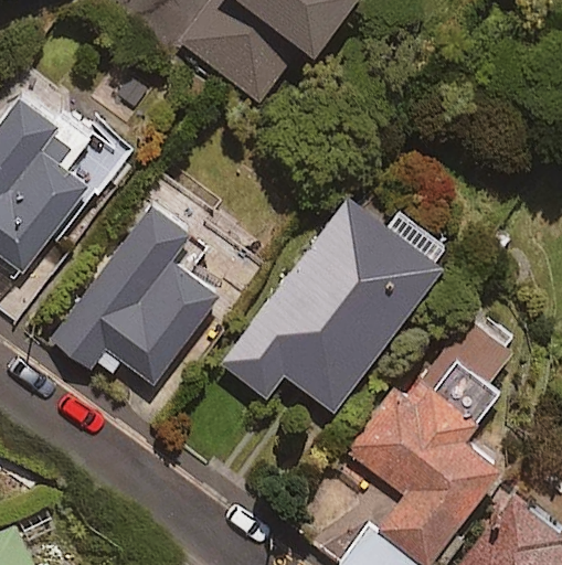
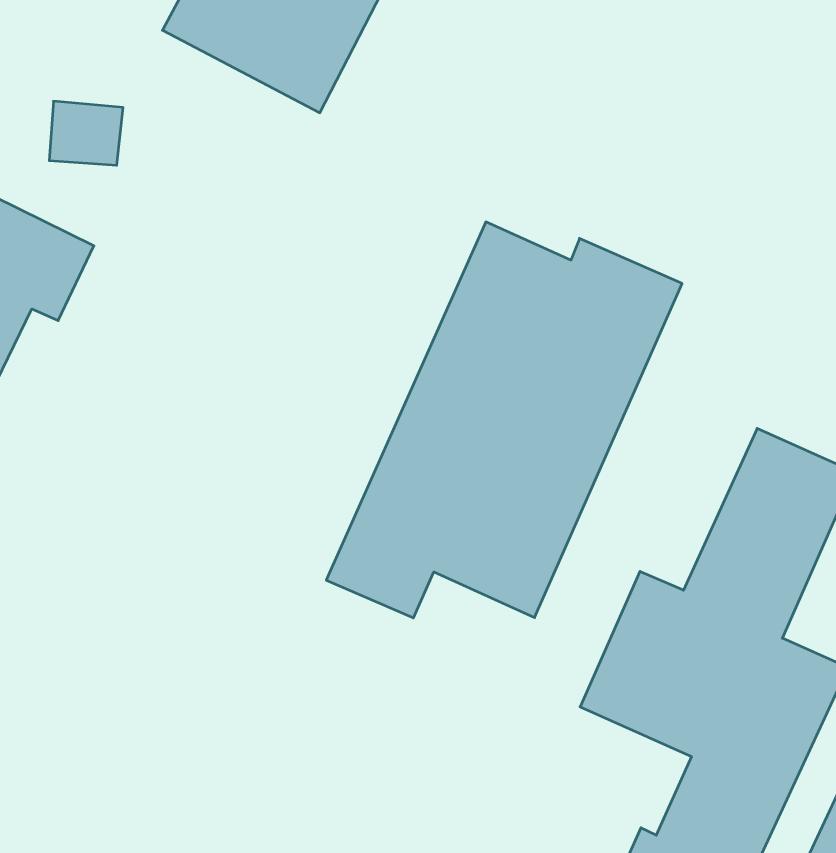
building: [51,202,219,386] -> none

